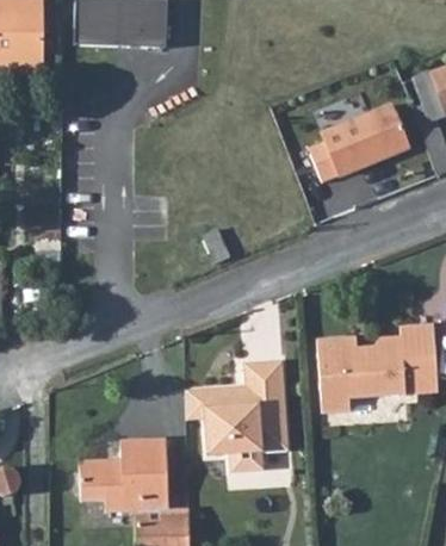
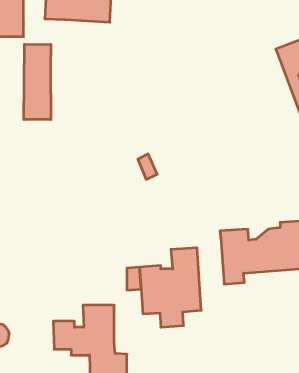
building: none -> [24,44,51,120]
building: [306,101,409,185] -> none

